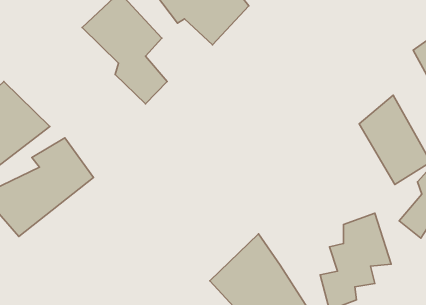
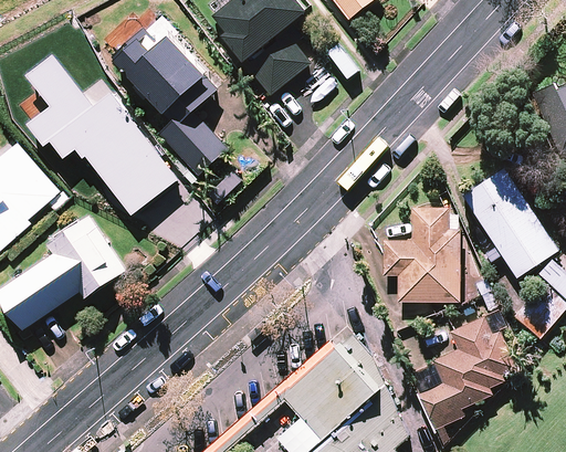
building: none -> [18,46,180,212]
building: none -> [384,198,461,299]

